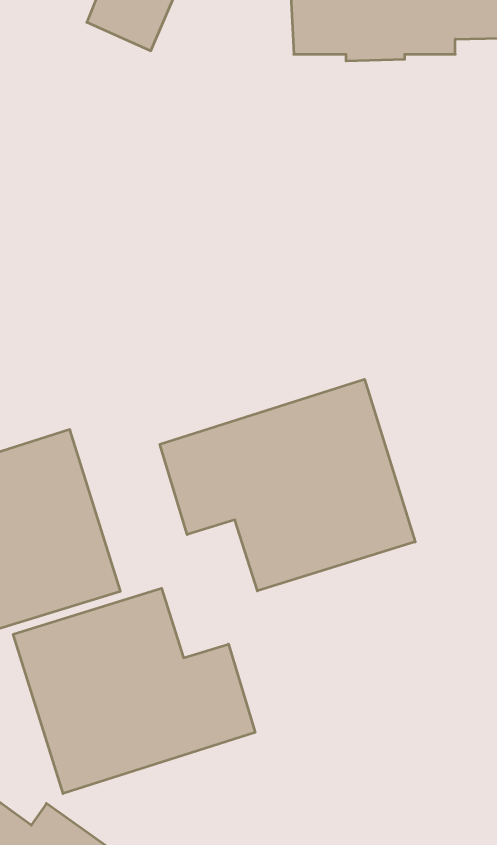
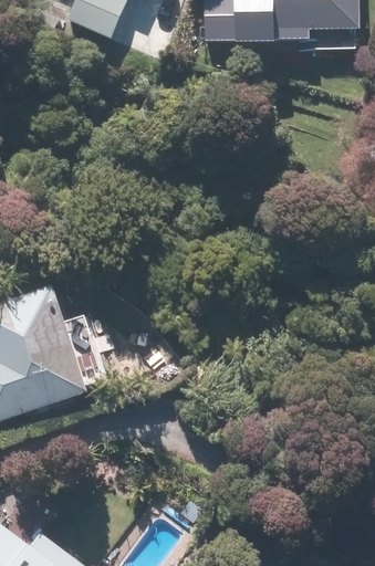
building: [160,379,415,591] -> none
building: [13,588,255,794] -> none

